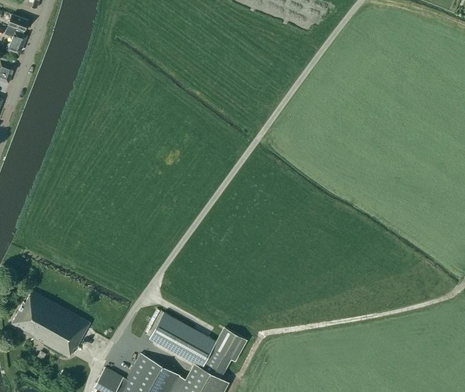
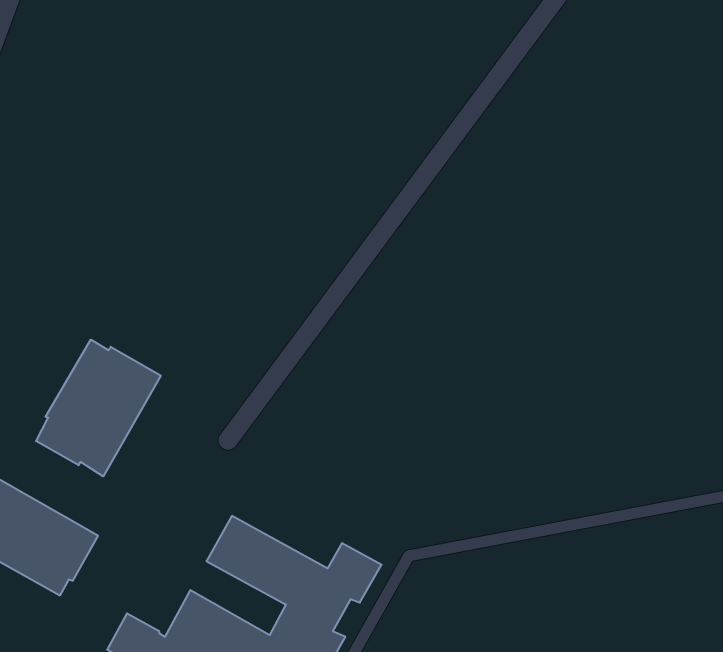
building: none -> [36,340,161,476]

